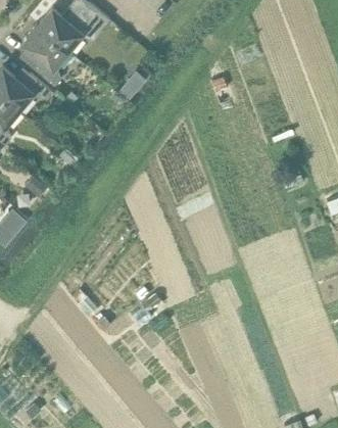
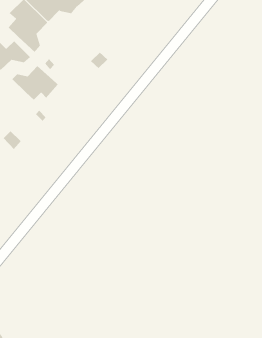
building: none -> [11,66,60,101]

